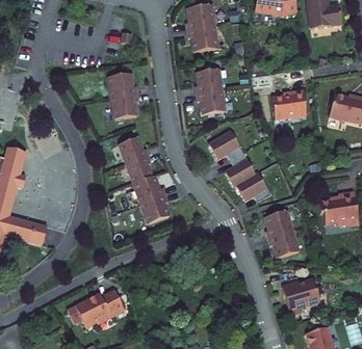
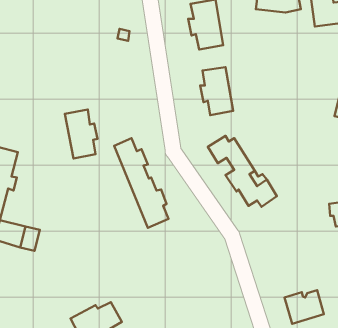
building: [109,73,140,119] -> [65,109,98,159]
building: [274,87,309,116] -> none
building: [263,210,298,258] -> none

